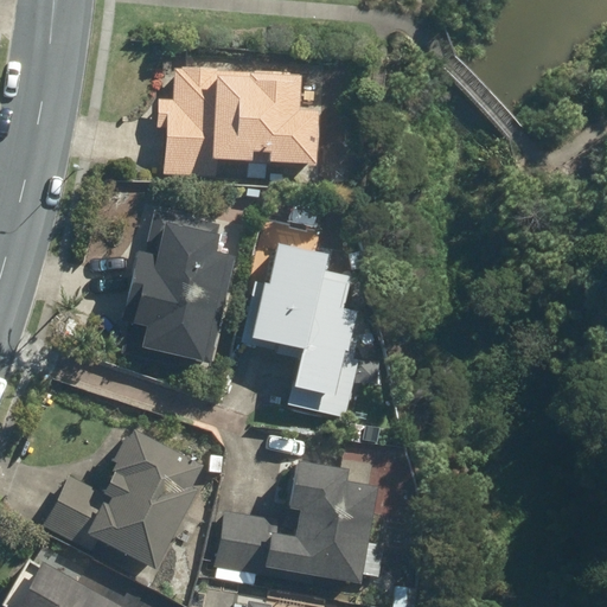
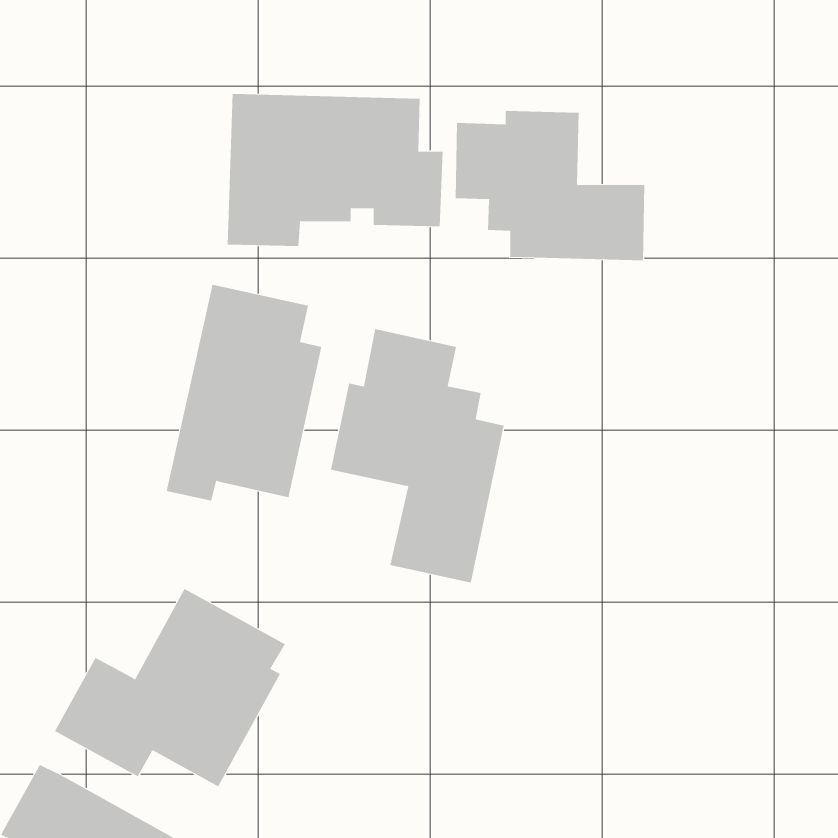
building: none -> [455,110,645,261]
building: [210,458,381,589] -> none

